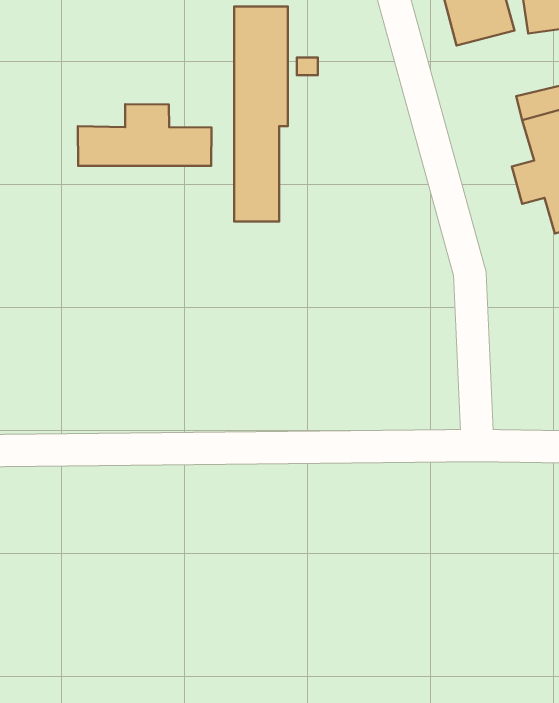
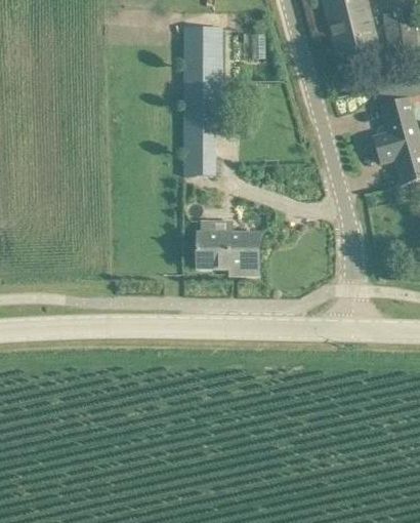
building: [78,104,211,166] -> none
building: none -> [198,220,259,274]

